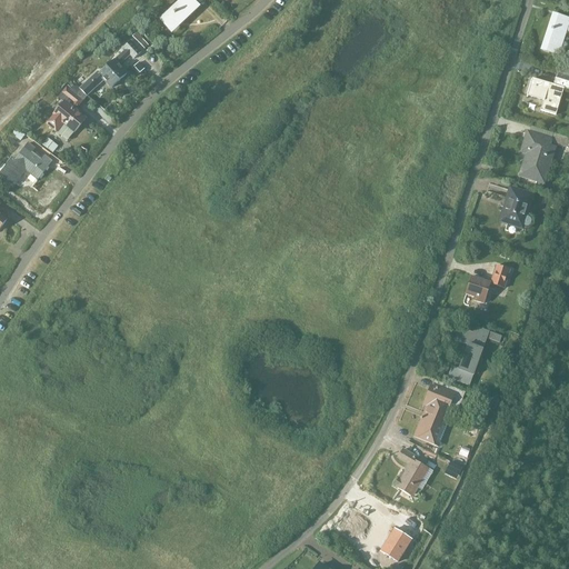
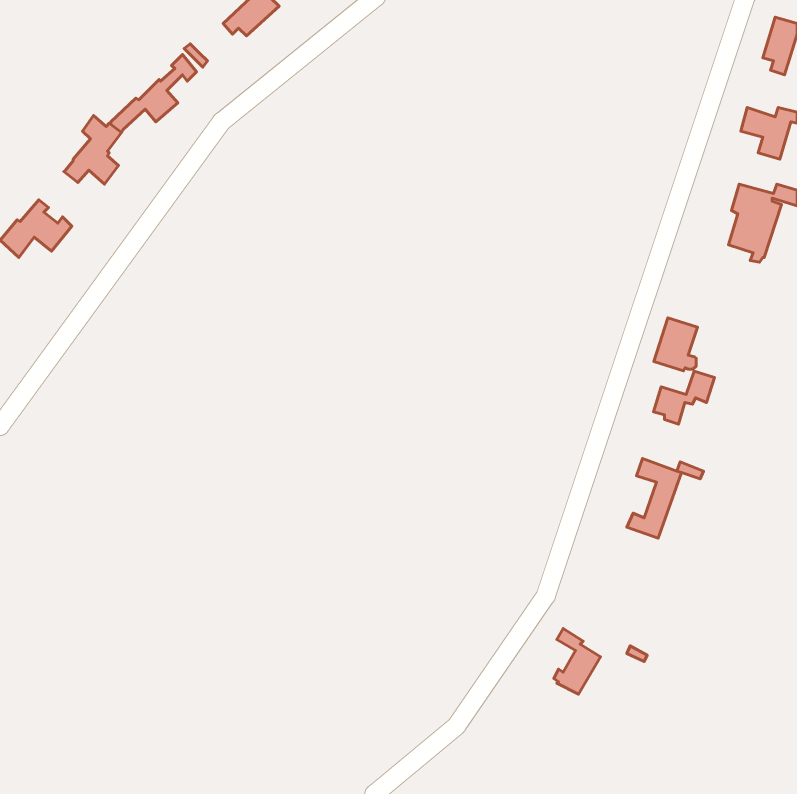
building: [500,188,531,226] -> [654,318,698,371]
building: [413,379,465,446] -> none
building: [380,528,411,560] -> none

